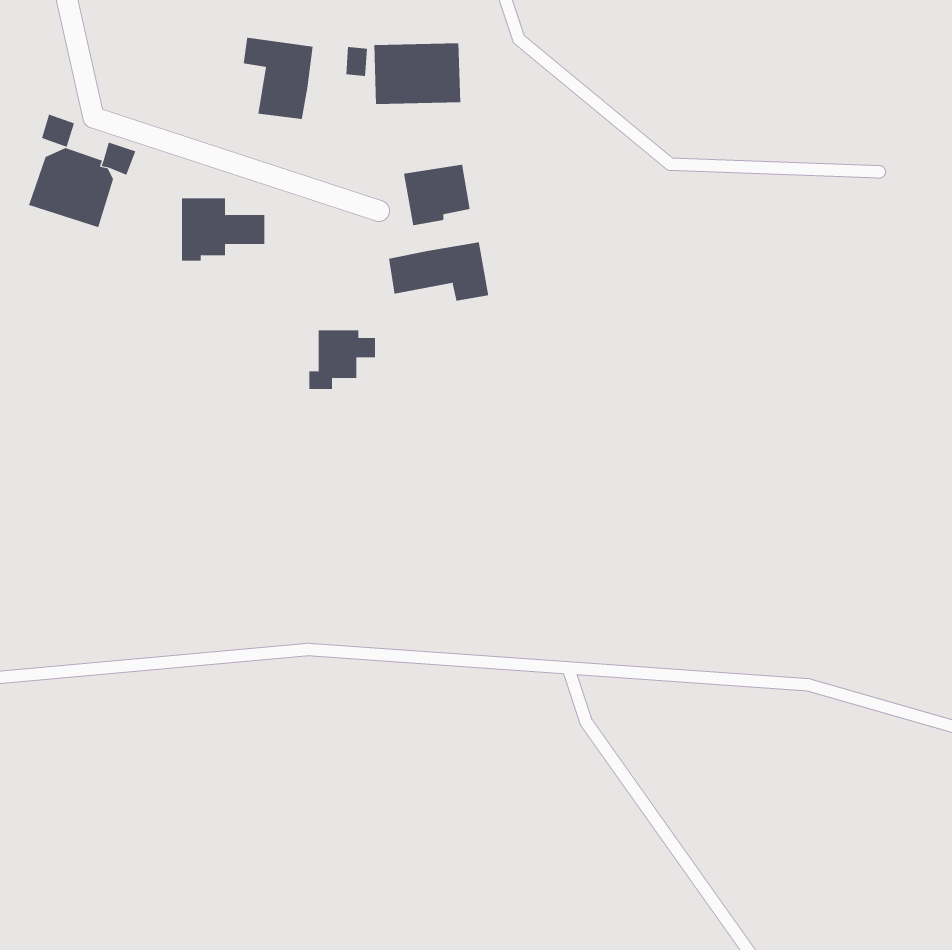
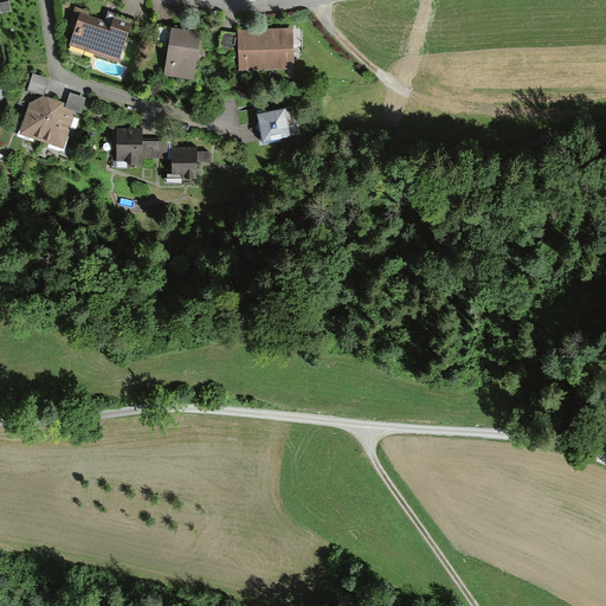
building: none -> [67,12,138,60]
building: [389,241,489,302] -> none
building: [309,330,376,390] -> [166,147,208,185]

